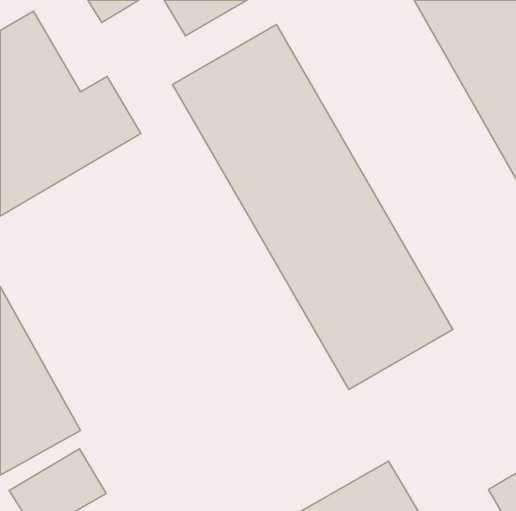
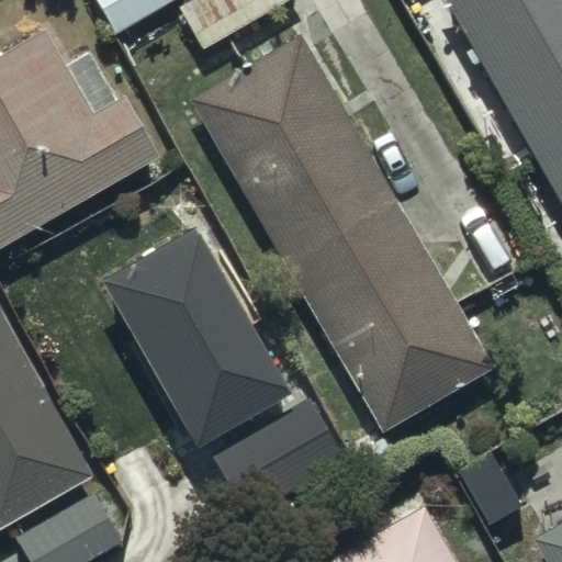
building: none -> [103,224,299,448]
building: none -> [215,402,344,512]

